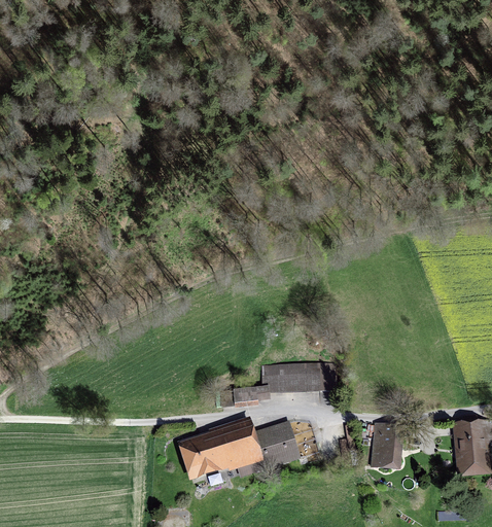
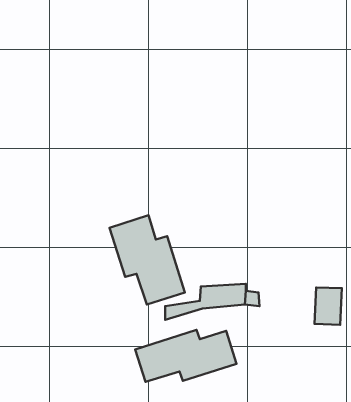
building: none -> [109,215,185,305]
building: [365,422,398,467] -> [315,287,342,325]

